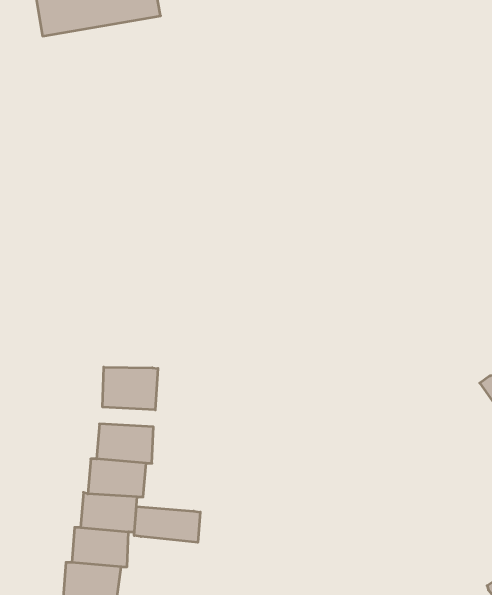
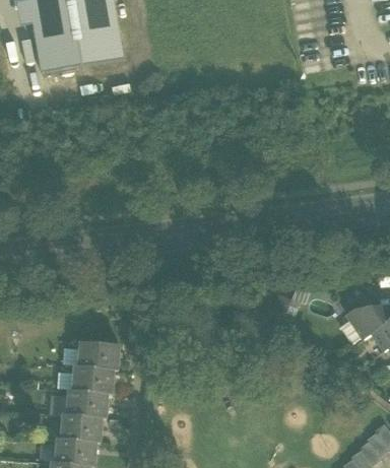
building: [103,367,158,410] -> none
building: [134,507,200,542] -> none

